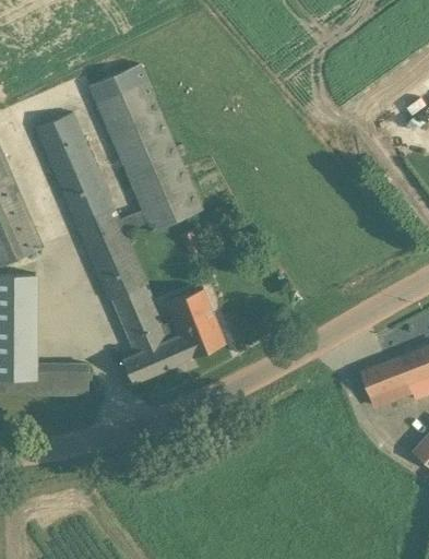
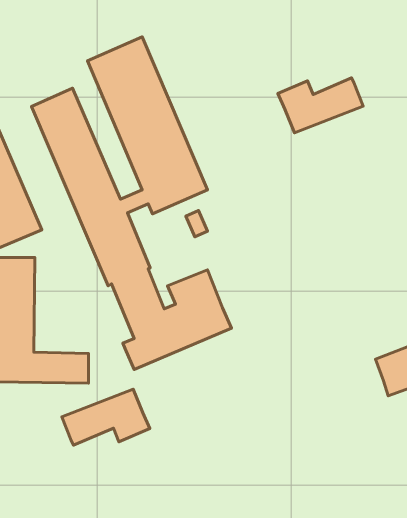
building: none -> [278,78,363,133]
building: none -> [62,389,150,445]

